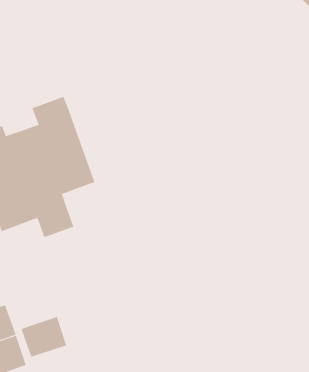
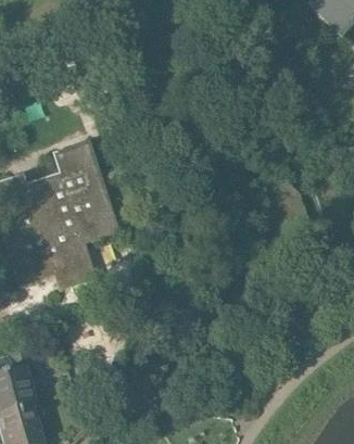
building: [21,316,67,358] -> none

